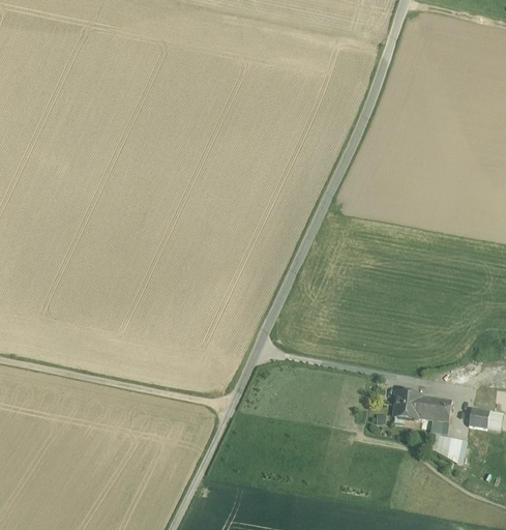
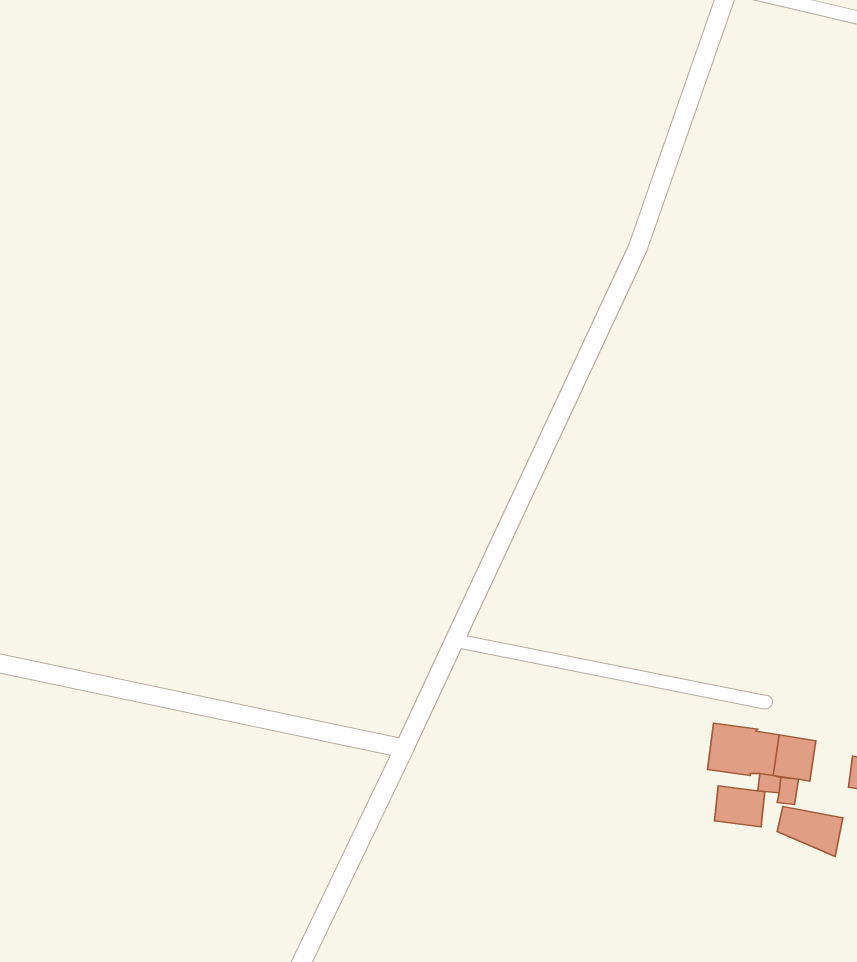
building: none -> [714,786,765,827]

